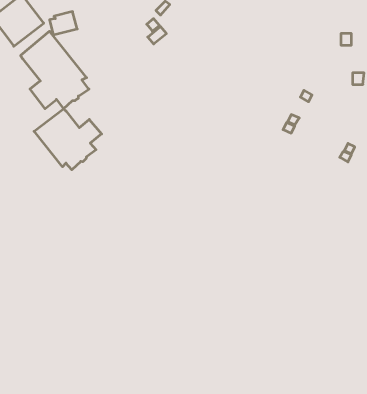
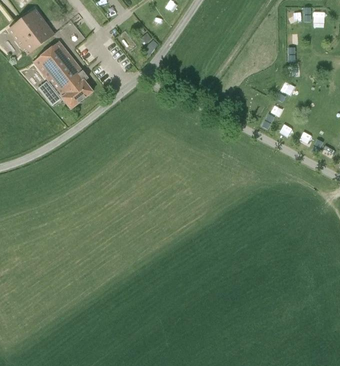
building: [34,109,102,170] -> none

